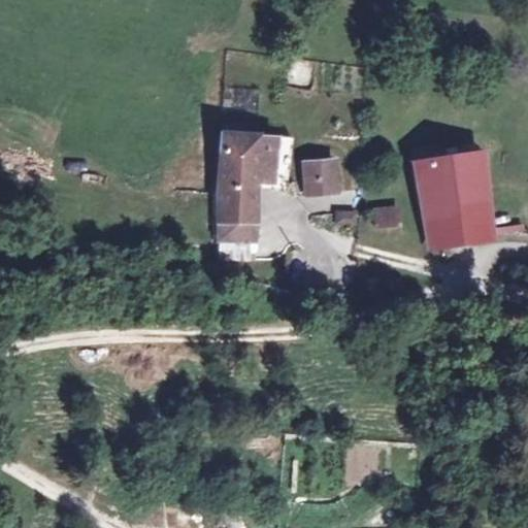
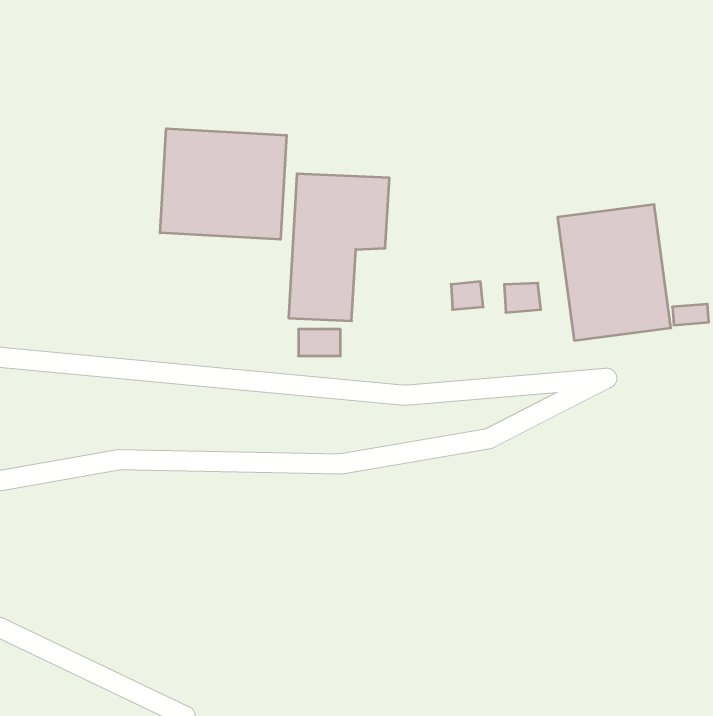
building: none -> [160,129,286,239]
building: [302,157,343,201] -> none

